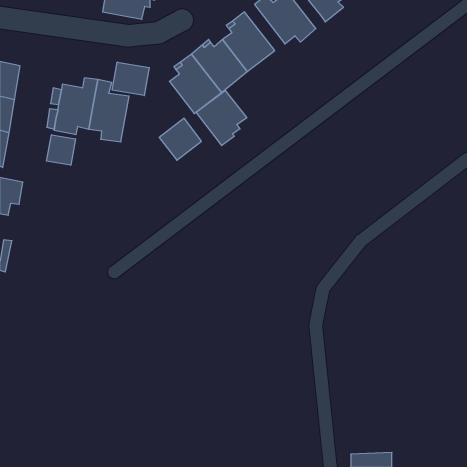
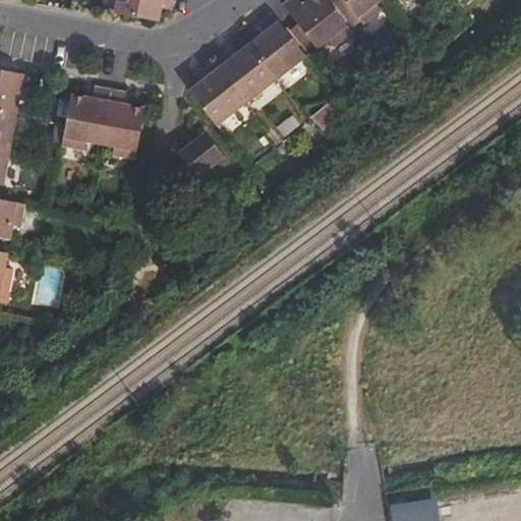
building: [112,62,149,96] -> none
building: [196,91,247,146] -> none
building: [47,135,76,165] -> none

